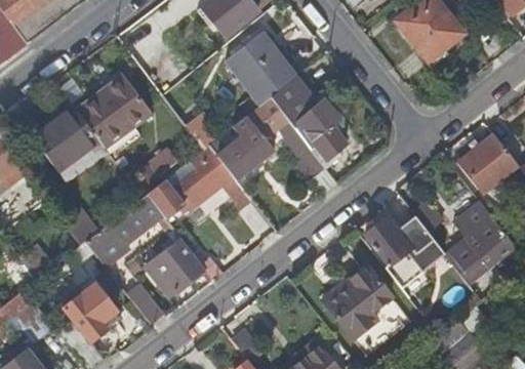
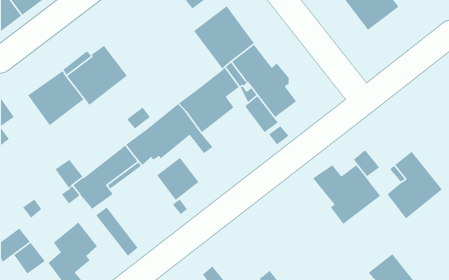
building: [458,133,518,192] -> none
building: [153,239,203,290] -> [156,157,199,201]
building: [326,263,391,336] -> none

